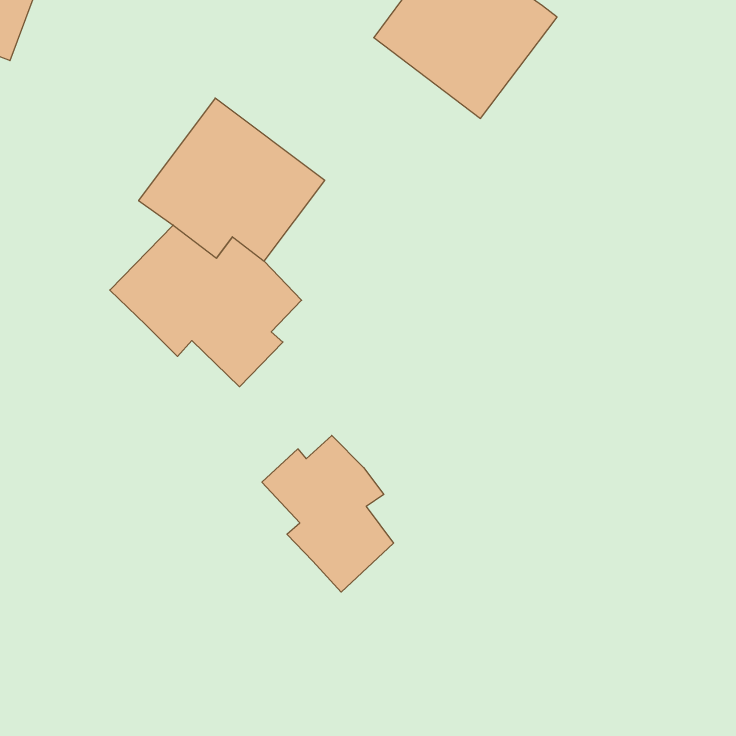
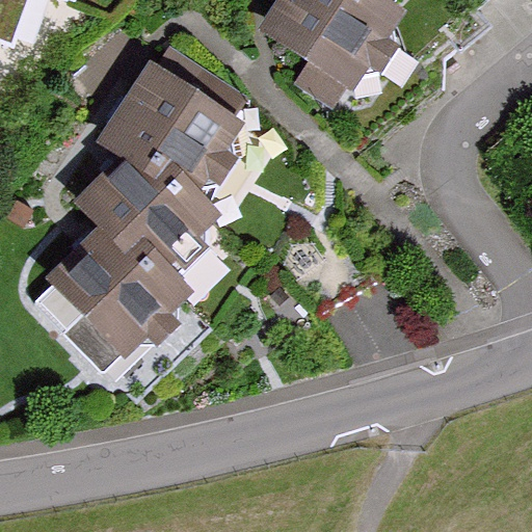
building: none -> [53,234,187,356]
building: [262,435,394,592] -> none

